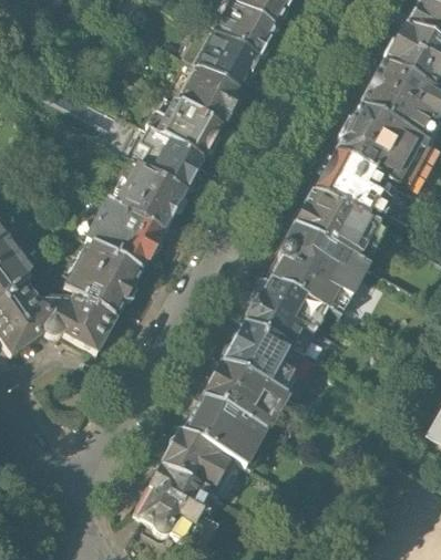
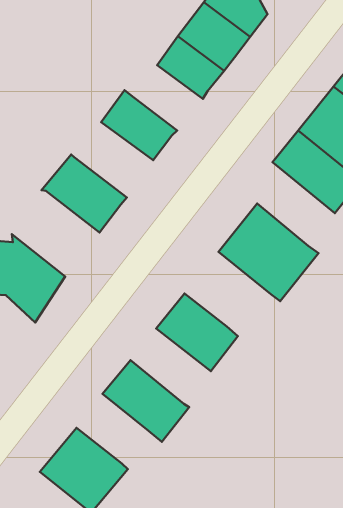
building: [165,98,232,158] -> none
building: [116,162,193,230] -> none
building: [287,175,376,250] -> none
building: [68,236,152,315] -> none
building: [243,269,326,340] -> none
building: [201,352,279,421] -> none
building: [158,423,228,487] -> none

